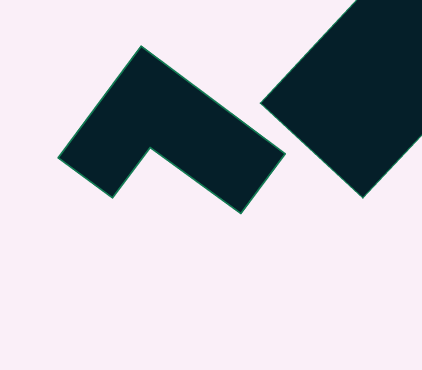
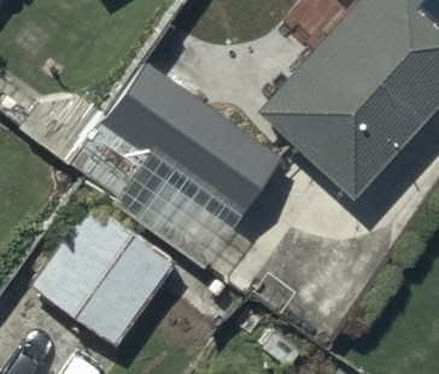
building: none -> [30,205,170,344]

